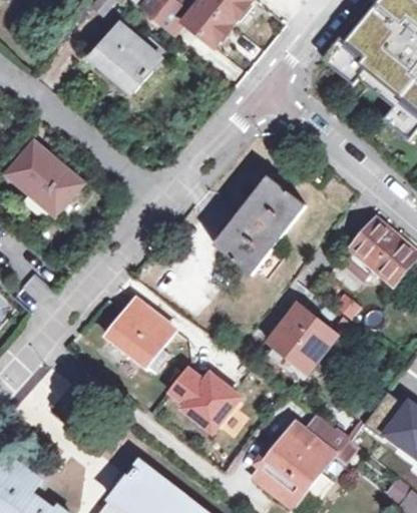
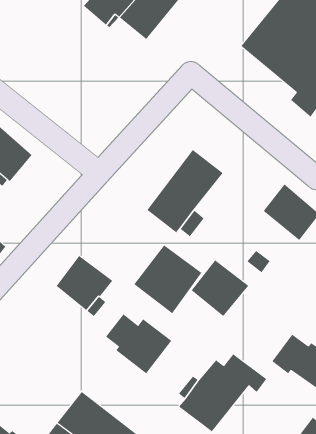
building: [89,22,160,93] -> none
building: none -> [133,245,202,314]

